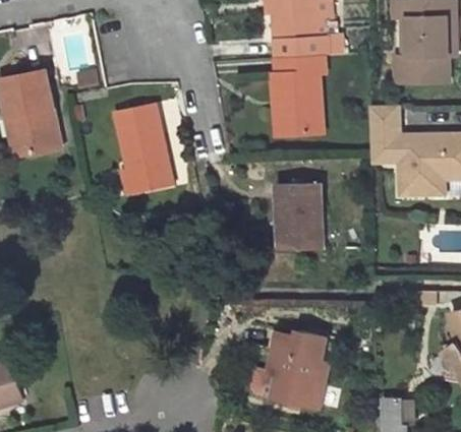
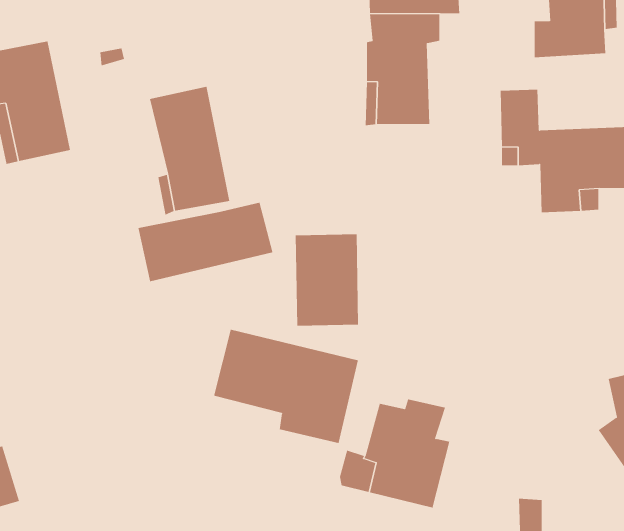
building: [280,183,326,249] -> [295,234,359,326]
building: none -> [138,202,273,282]
building: none -> [214,329,358,444]

